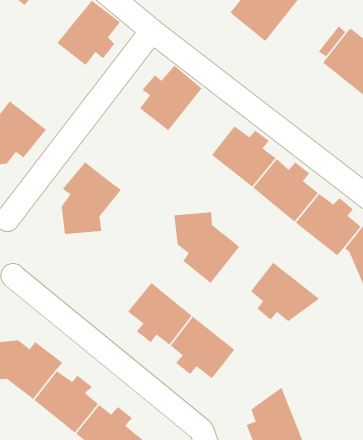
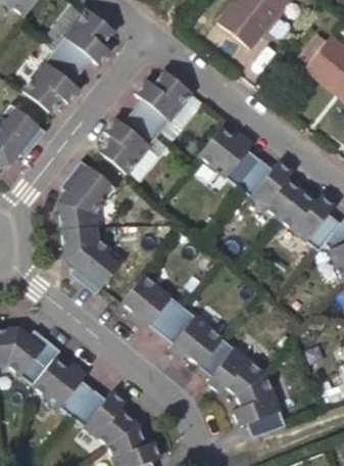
building: none -> [21,50,82,112]
building: none -> [99,111,159,174]
building: [174,212,240,284] -> [61,227,124,294]
building: [250,262,320,322] -> [200,338,265,394]

